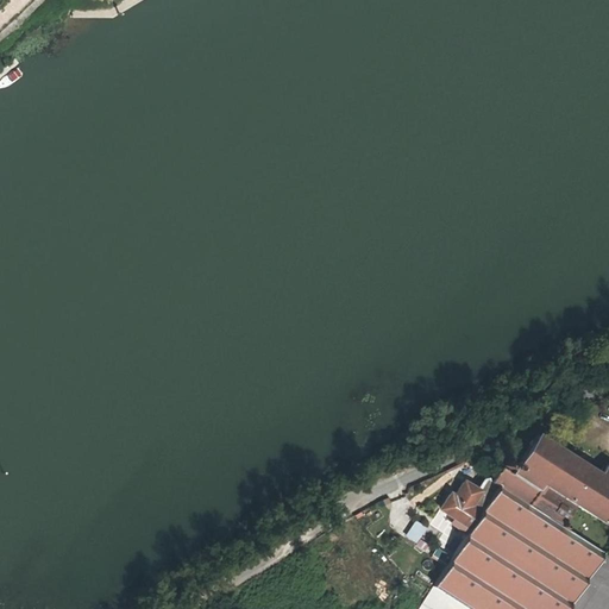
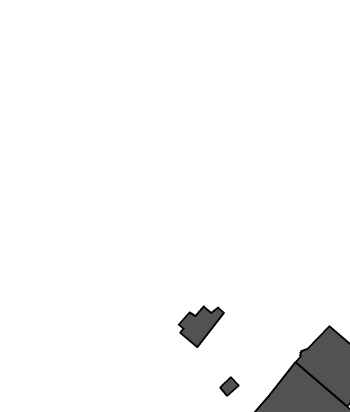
building: [442,481,500,536] -> [179,306,224,347]

